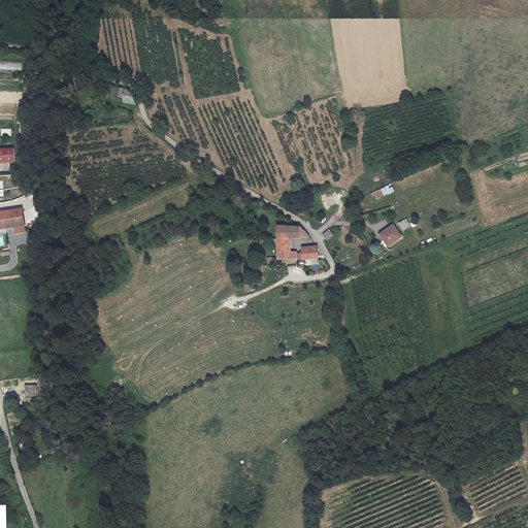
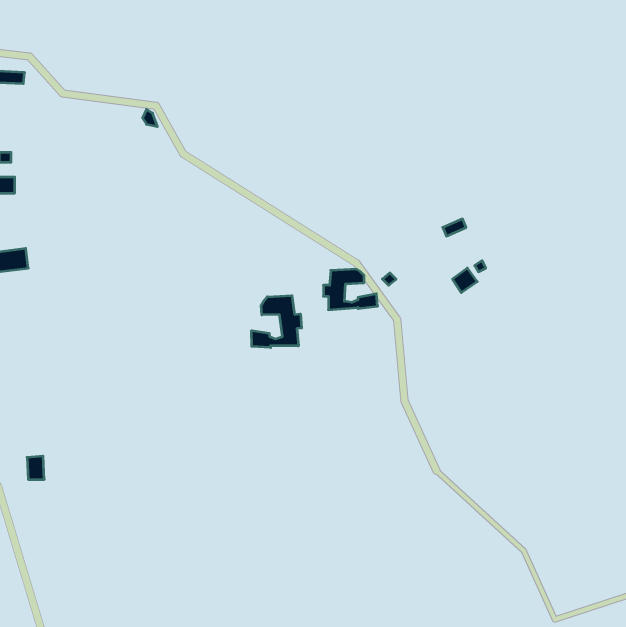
building: none -> [252,296,302,348]

